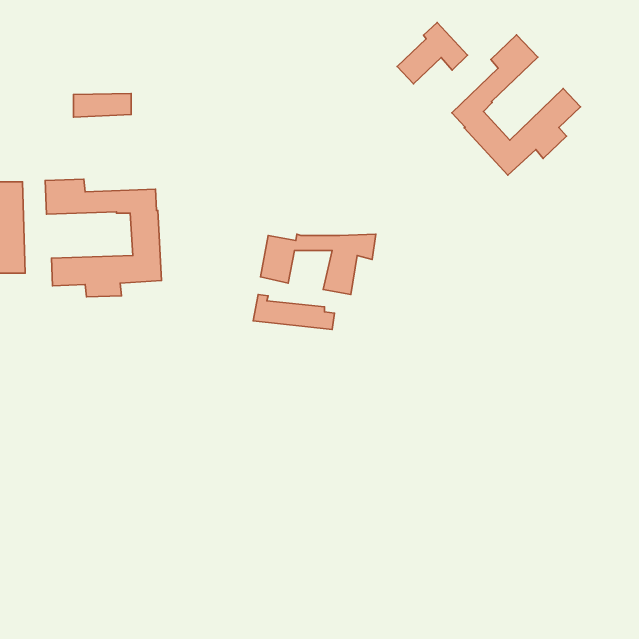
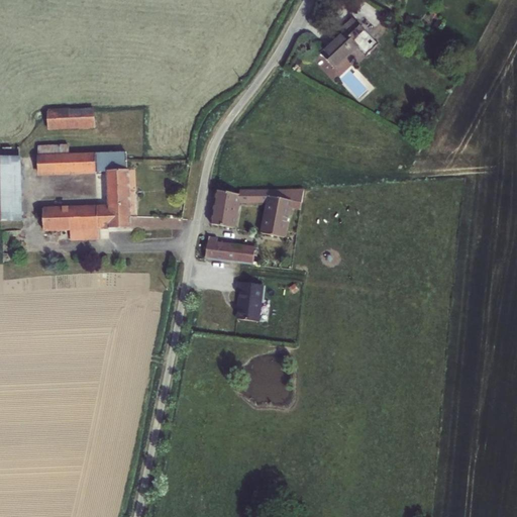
building: [452,35,581,175] -> none
building: [74,93,131,117] -> [46,109,93,128]
building: none -> [235,282,262,321]

